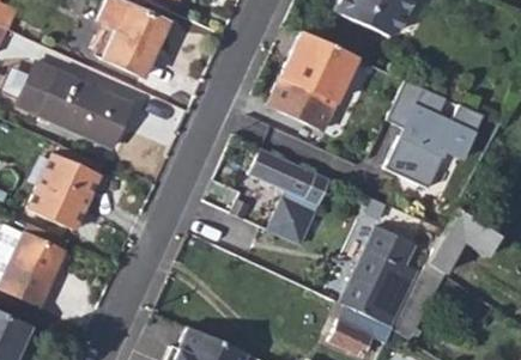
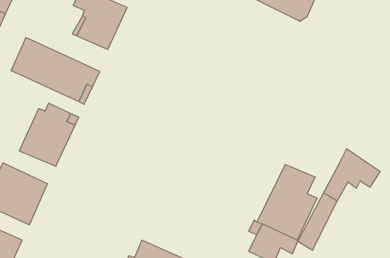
building: [268,32,357,129] -> none
building: [386,80,483,189] -> none
building: [248,147,332,244] -> none

